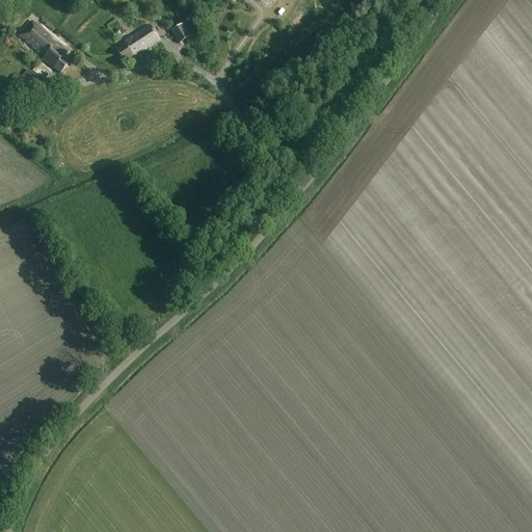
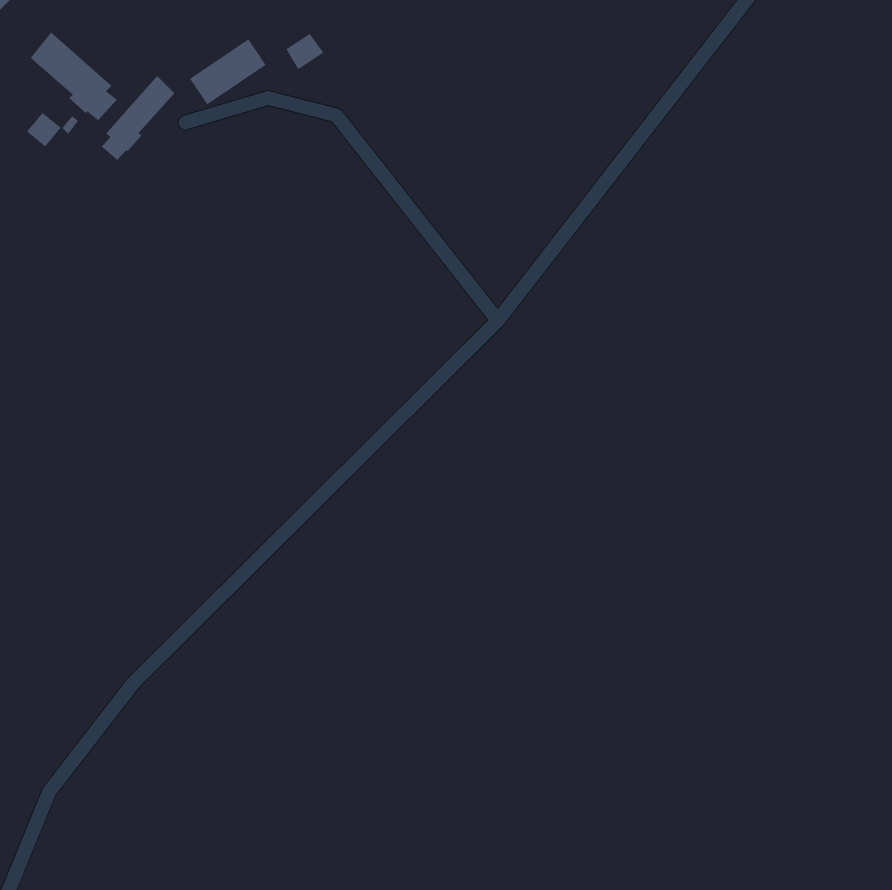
building: none -> [101,75,175,161]

